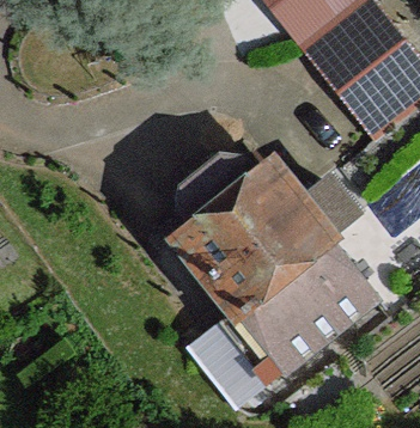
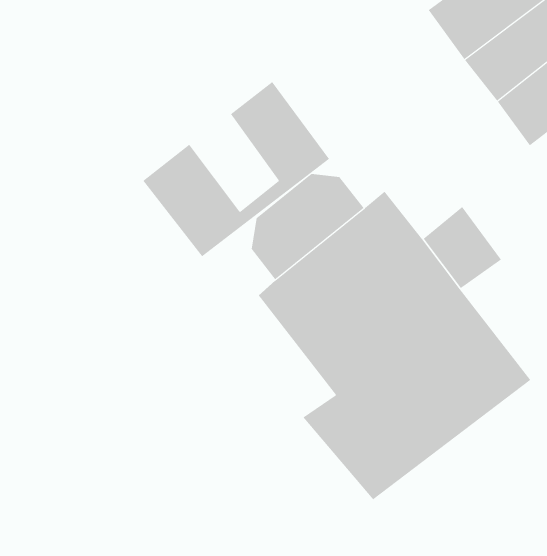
building: none -> [142,81,330,257]

